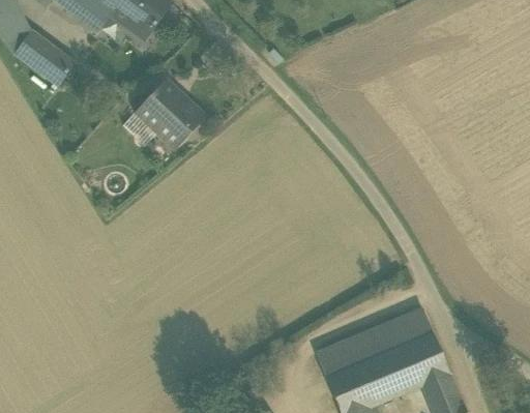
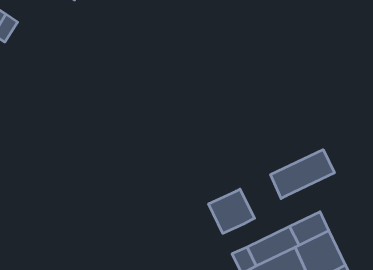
building: [134,81,204,150] -> none
building: none -> [271,150,334,199]
building: none -> [209,189,255,233]

